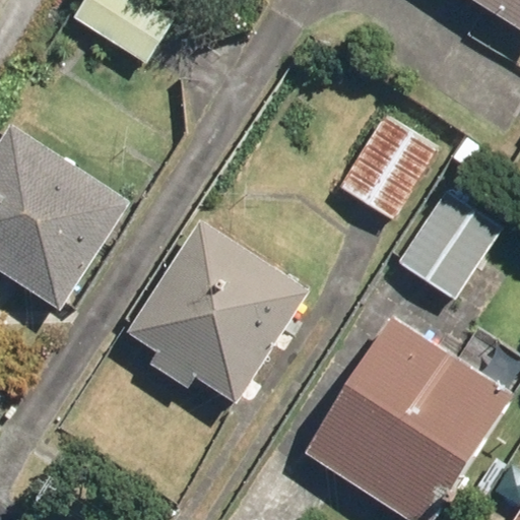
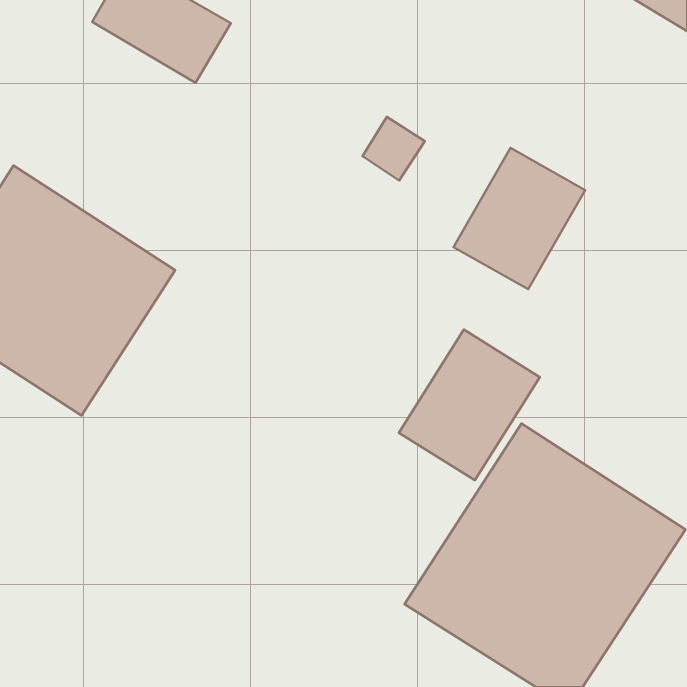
building: [397,184,503,297] -> [399,330,540,480]
building: [128,219,310,404] -> none

